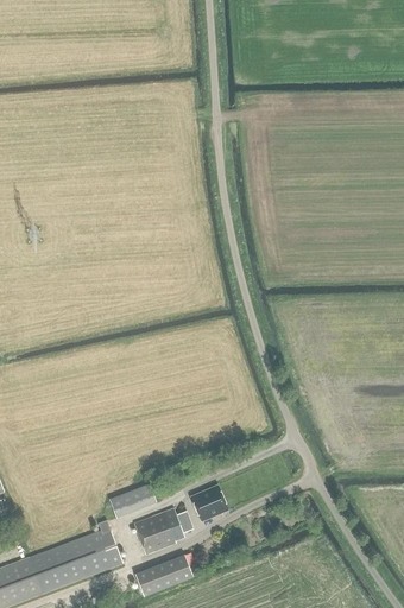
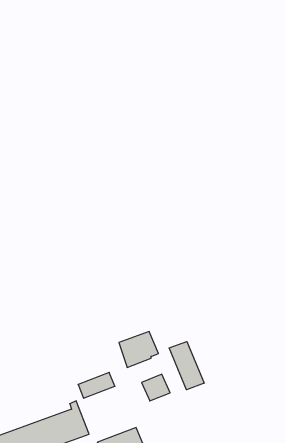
building: none -> [169,342,204,390]
building: [133,508,184,555] -> [119,332,158,367]

